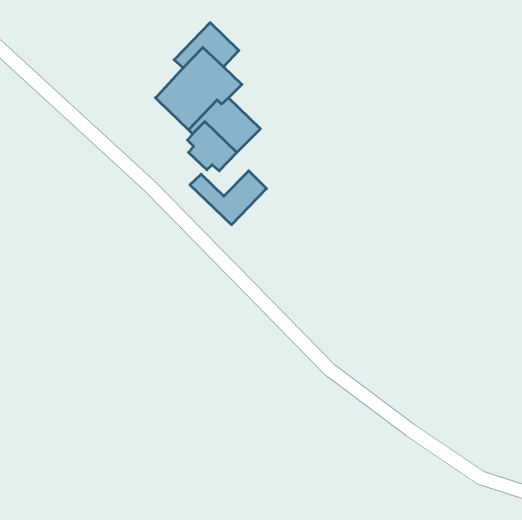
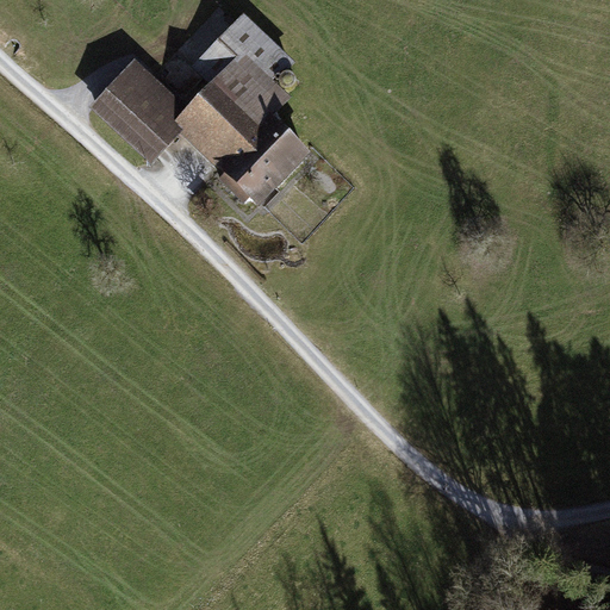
building: none -> [93,61,183,152]
building: [190,171,267,225] -> none

